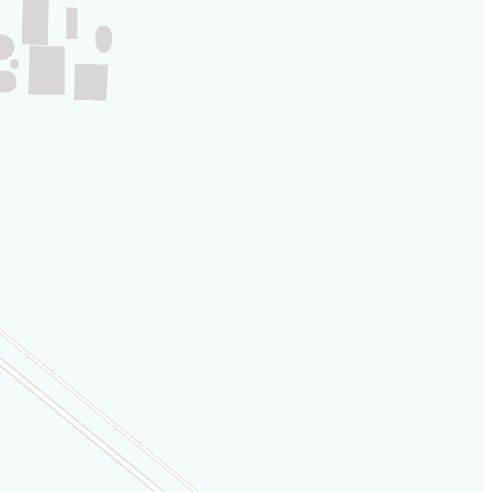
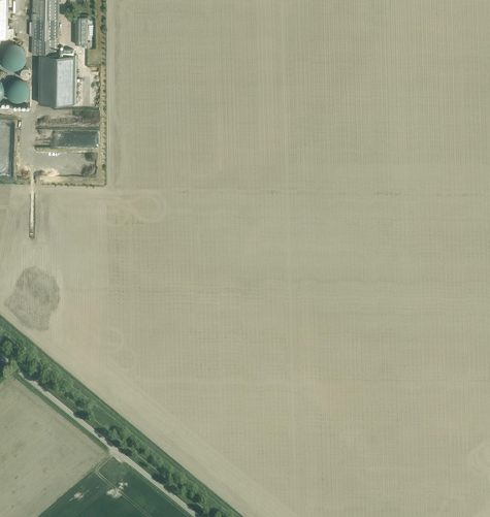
building: [95,25,113,54] -> none
building: [74,63,108,101] -> none

